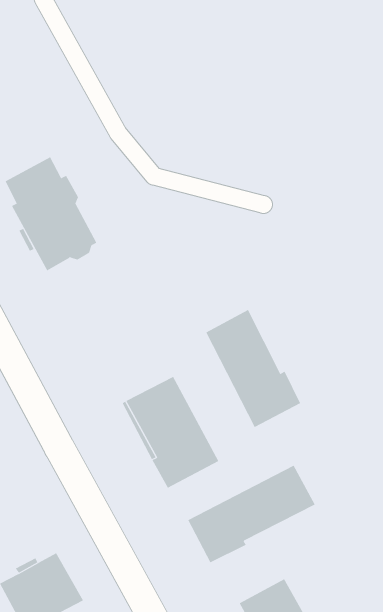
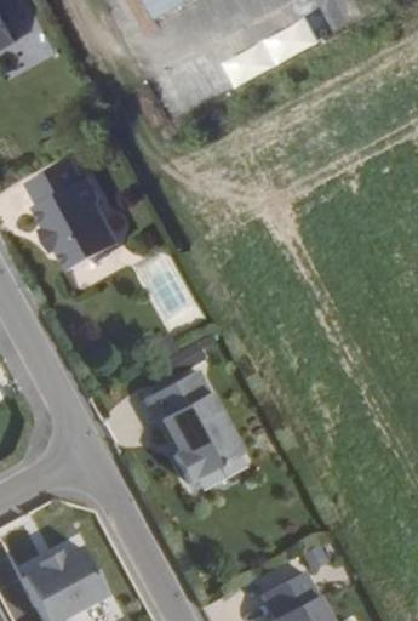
building: [205,309,301,428] -> none
building: [188,465,315,563] -> none

